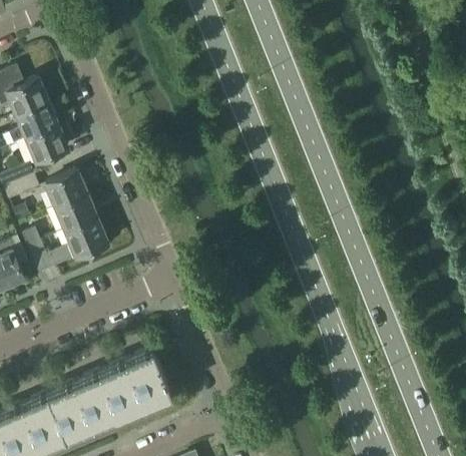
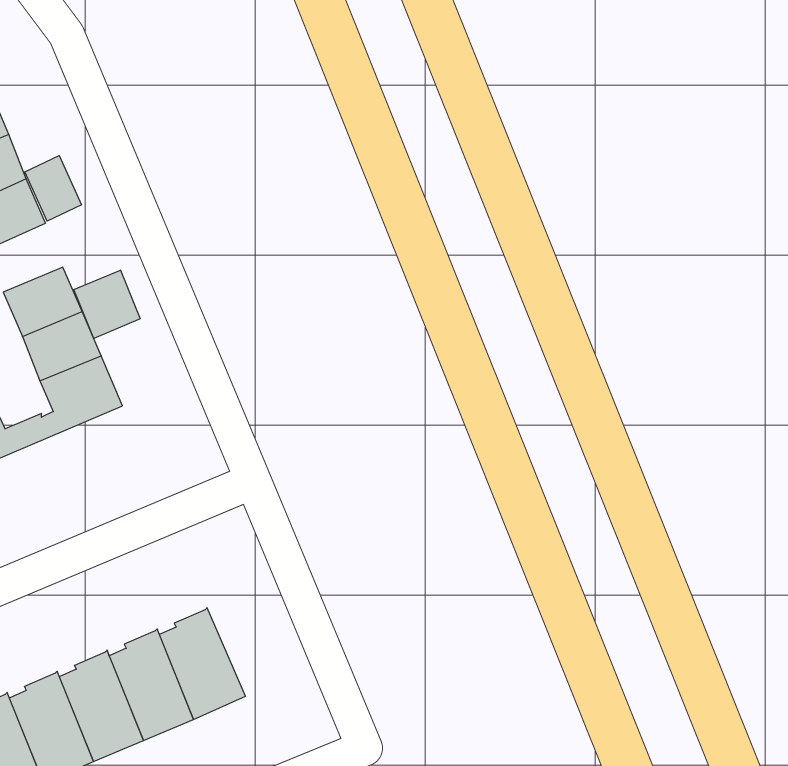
building: none -> [25,156,82,221]
building: none -> [74,270,140,338]

